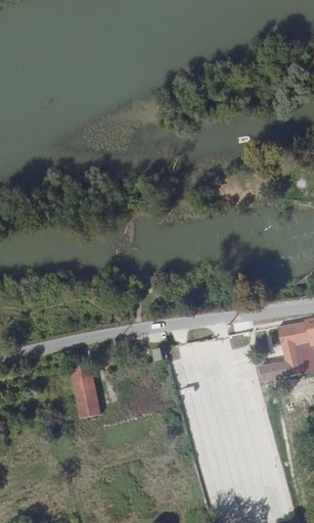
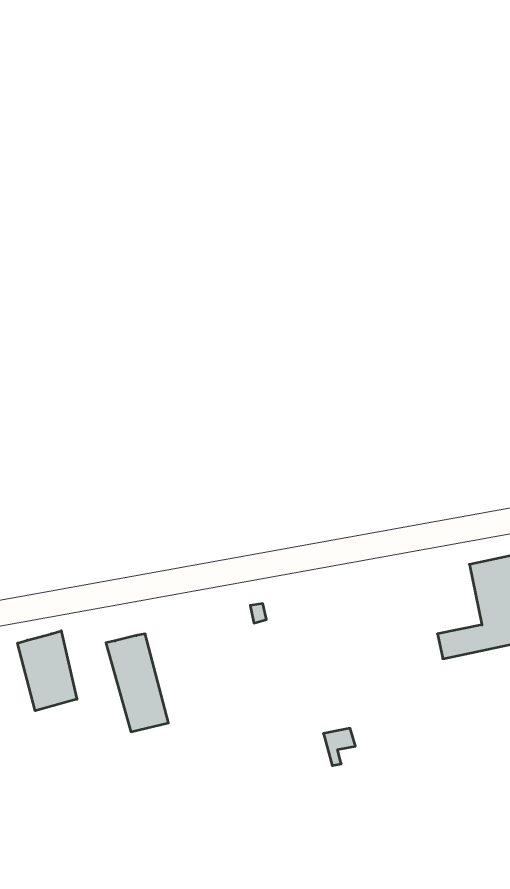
building: none -> [18,631,77,711]

